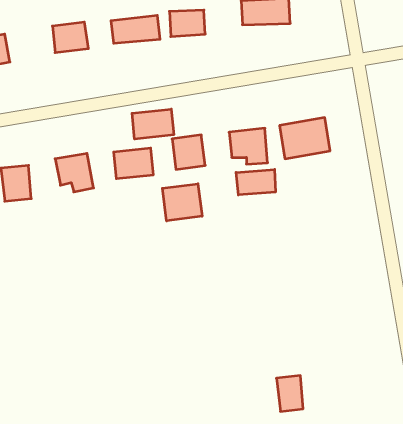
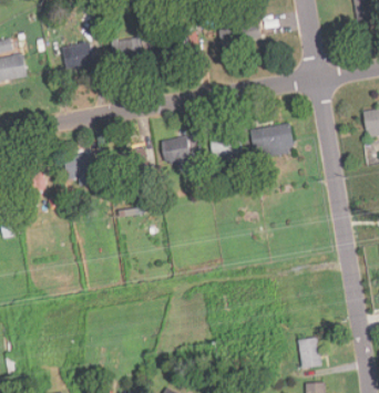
building: [132,109,174,139] -> none
building: [236,169,275,195] -> none
building: [162,184,202,221] -> none
building: [276,376,303,411] -> [299,338,321,368]

